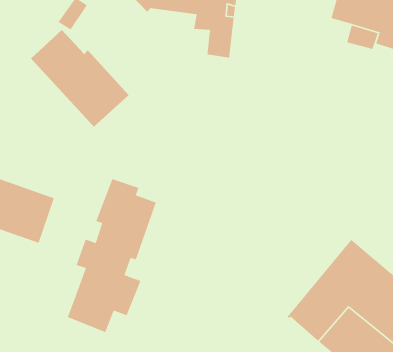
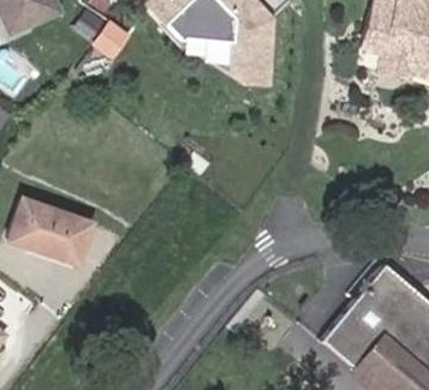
building: [30,29,130,127] -> none
building: [67,178,157,333] -> none

